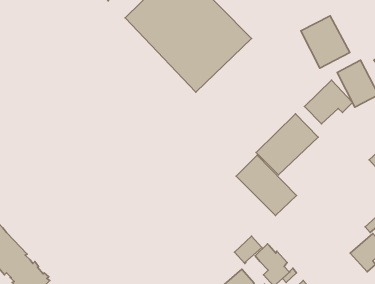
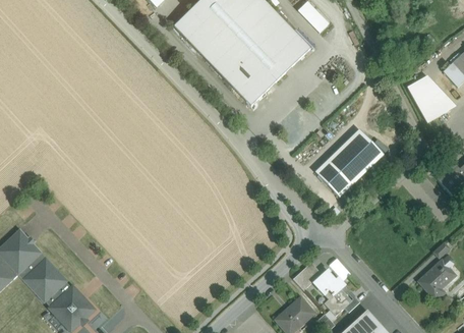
building: [301,16,350,68] -> none
building: [305,80,353,124] -> none
building: [236,155,297,215] -> none

